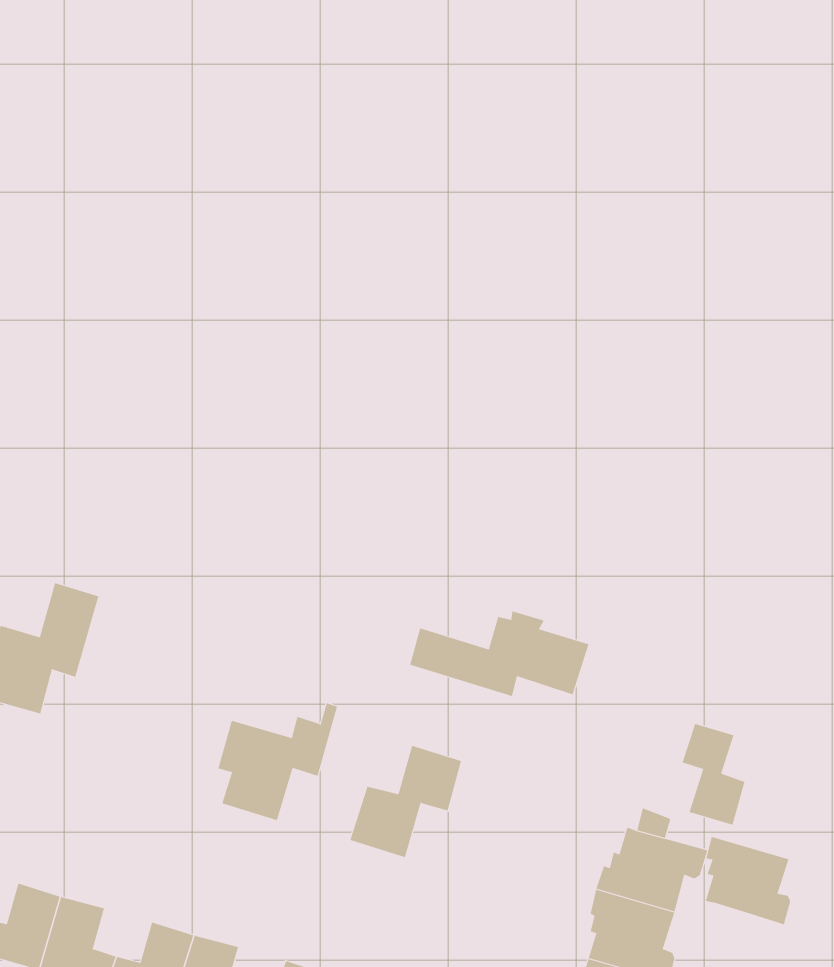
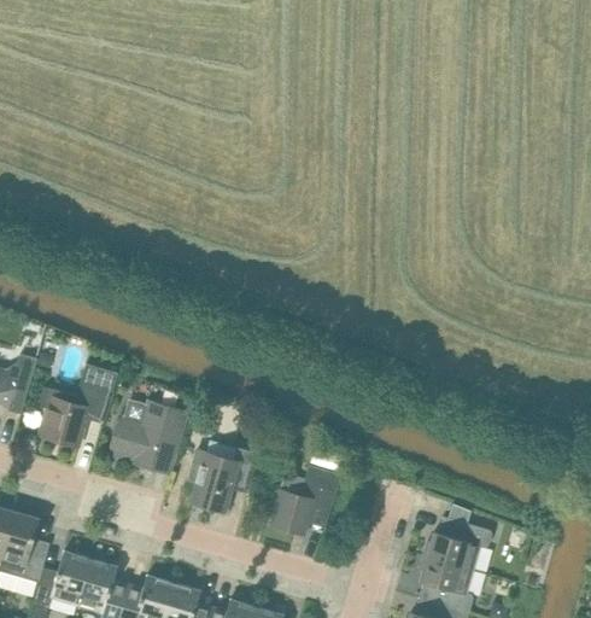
building: [409,611,589,697] -> none
building: none -> [109,401,186,472]
building: [682,723,745,825] -> none
building: [705,836,791,925] -> none

